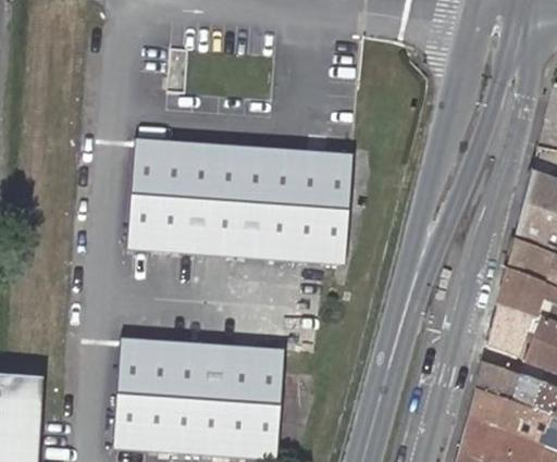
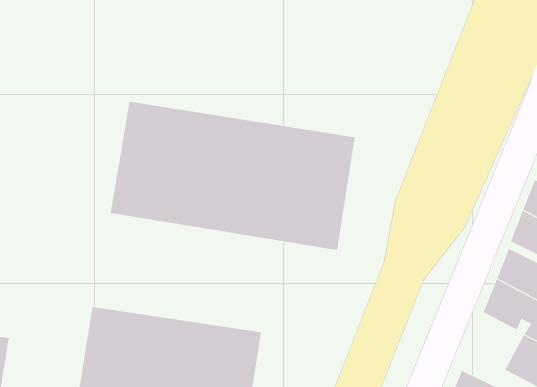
building: [486,309,531,359] -> none

